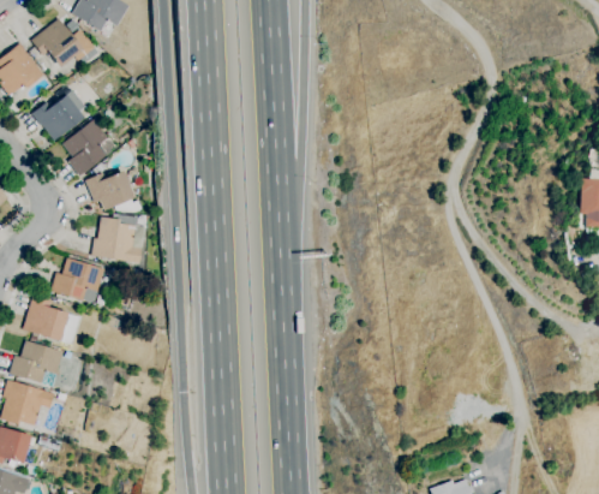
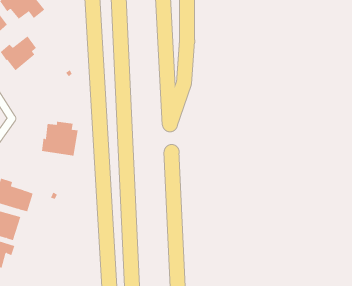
building: [62,119,108,175] -> none
building: [85,169,143,212] -> none
building: [50,257,106,304] -> none

